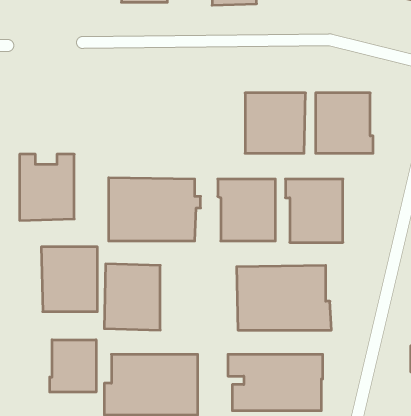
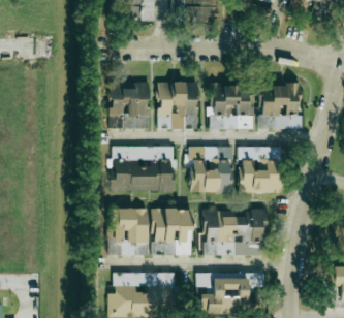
building: none -> [158,82,198,129]
building: [20,154,74,220] -> [110,82,149,129]
building: [41,247,97,312] -> [152,209,192,255]
building: [50,340,96,392] -> none

